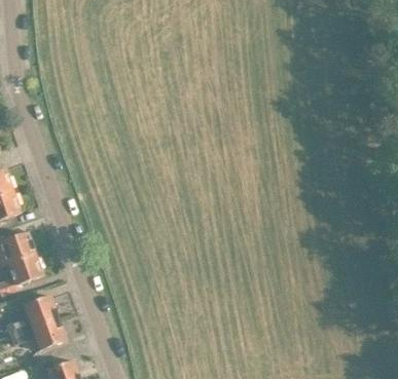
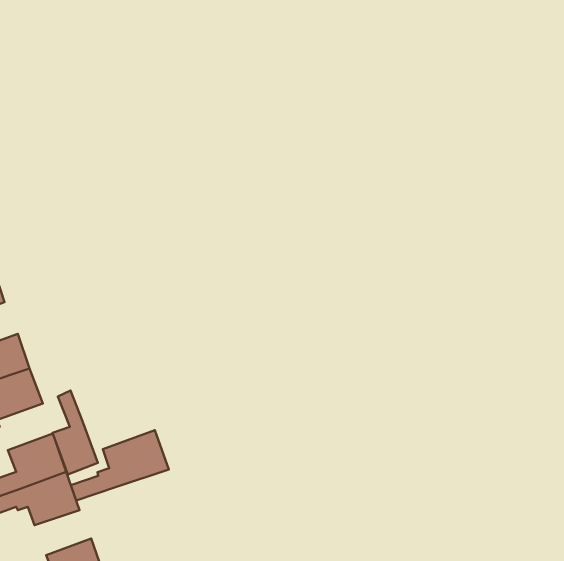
building: none -> [52,391,98,475]
building: none -> [71,430,169,501]

